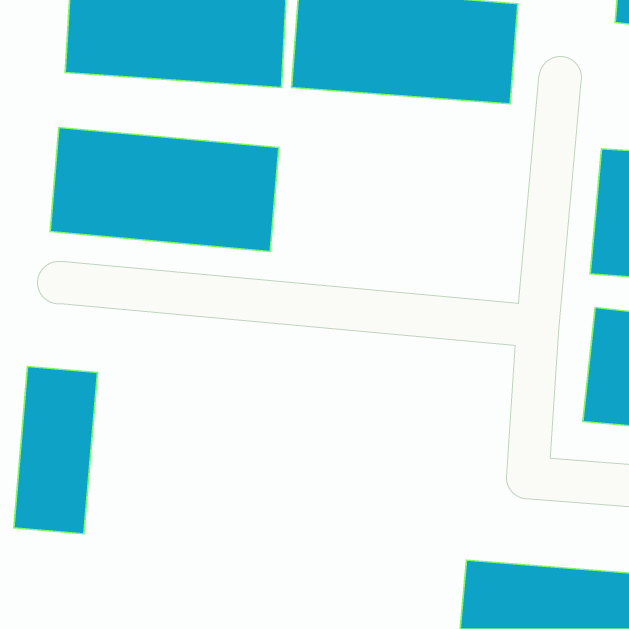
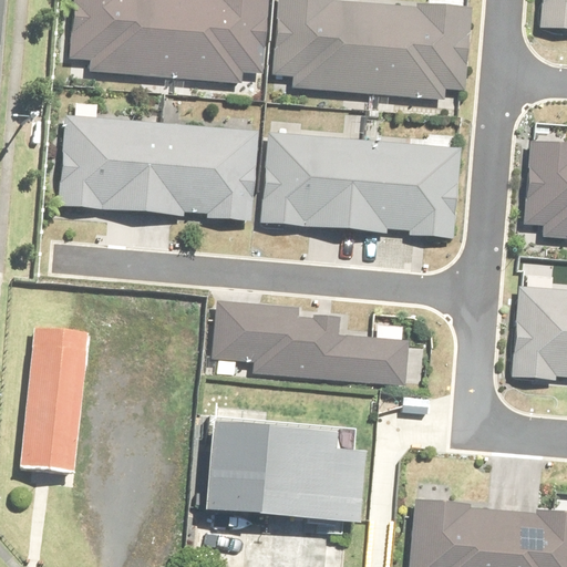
building: none -> [260,130,472,240]
building: none -> [212,296,403,391]
building: none -> [206,423,363,522]

